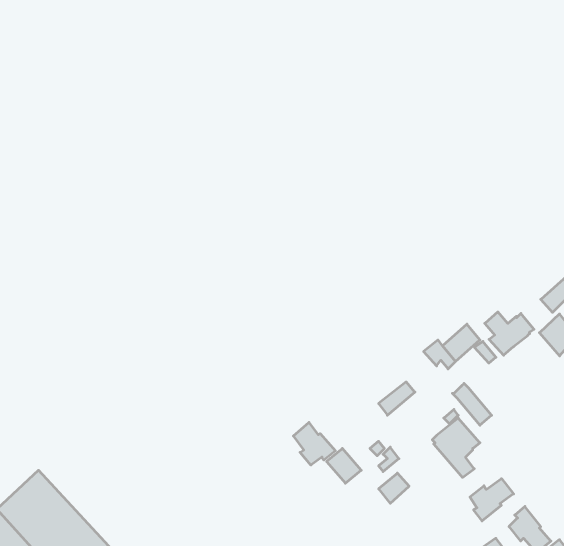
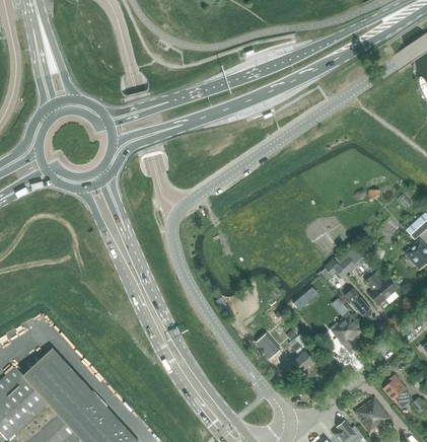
building: [485,312,534,355] -> [364,276,399,306]
building: [293,422,335,465] -> none
building: [470,479,514,521] -> none

